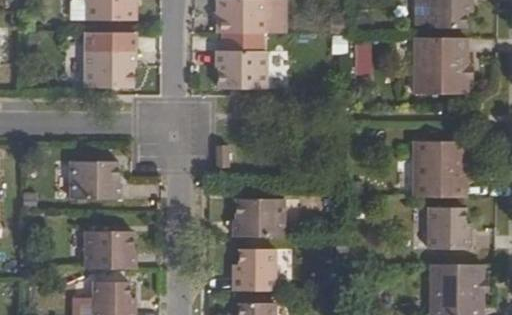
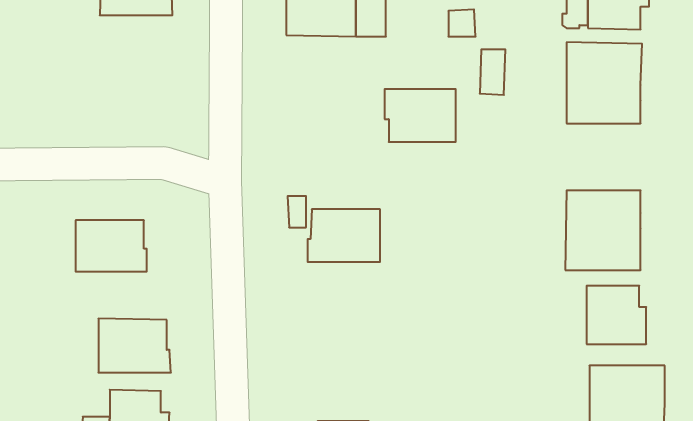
building: [84,32,134,88] -> none
building: [215,51,265,88] -> [385,89,456,142]
building: [232,199,283,236] -> [308,209,380,262]
building: [232,249,274,291] -> none

